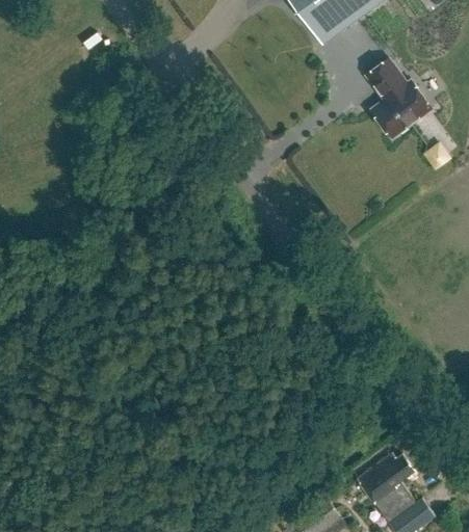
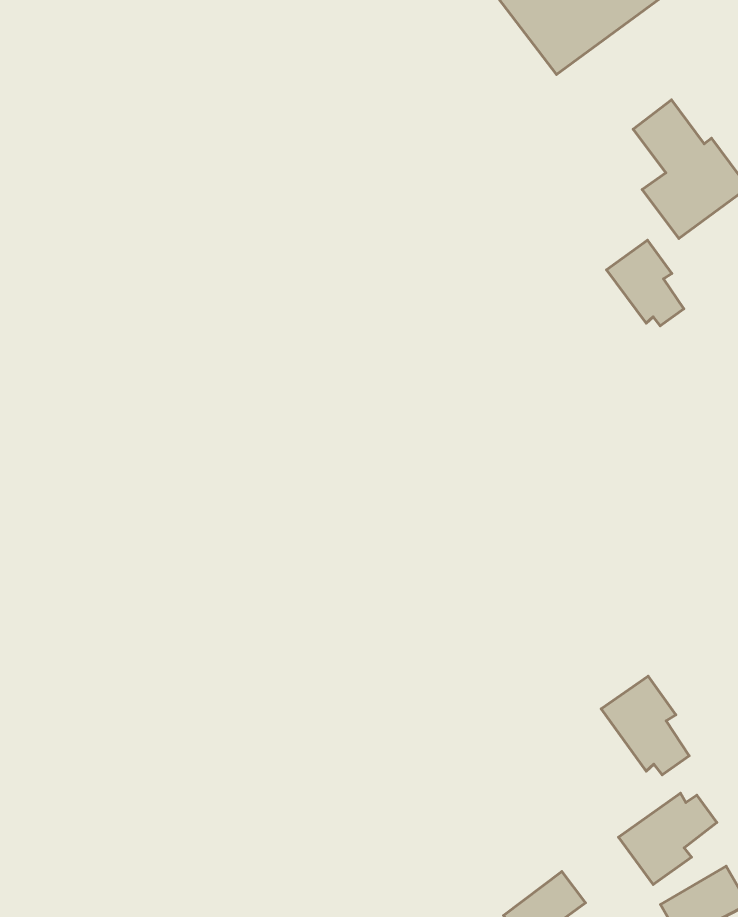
building: none -> [606,240,684,326]
building: none -> [601,676,689,775]

